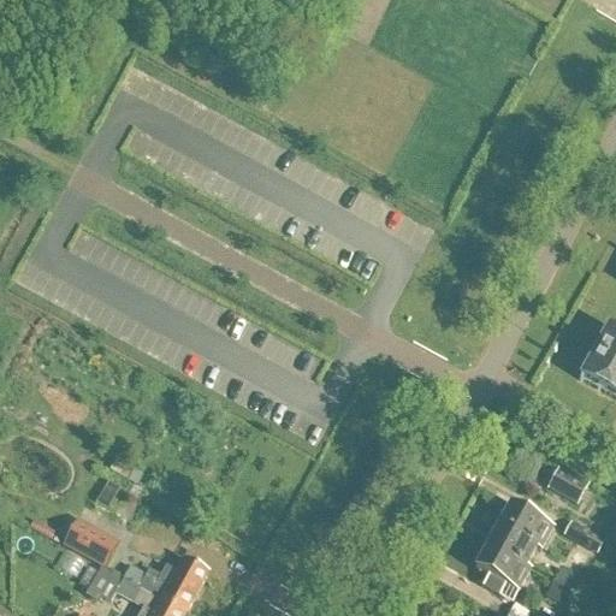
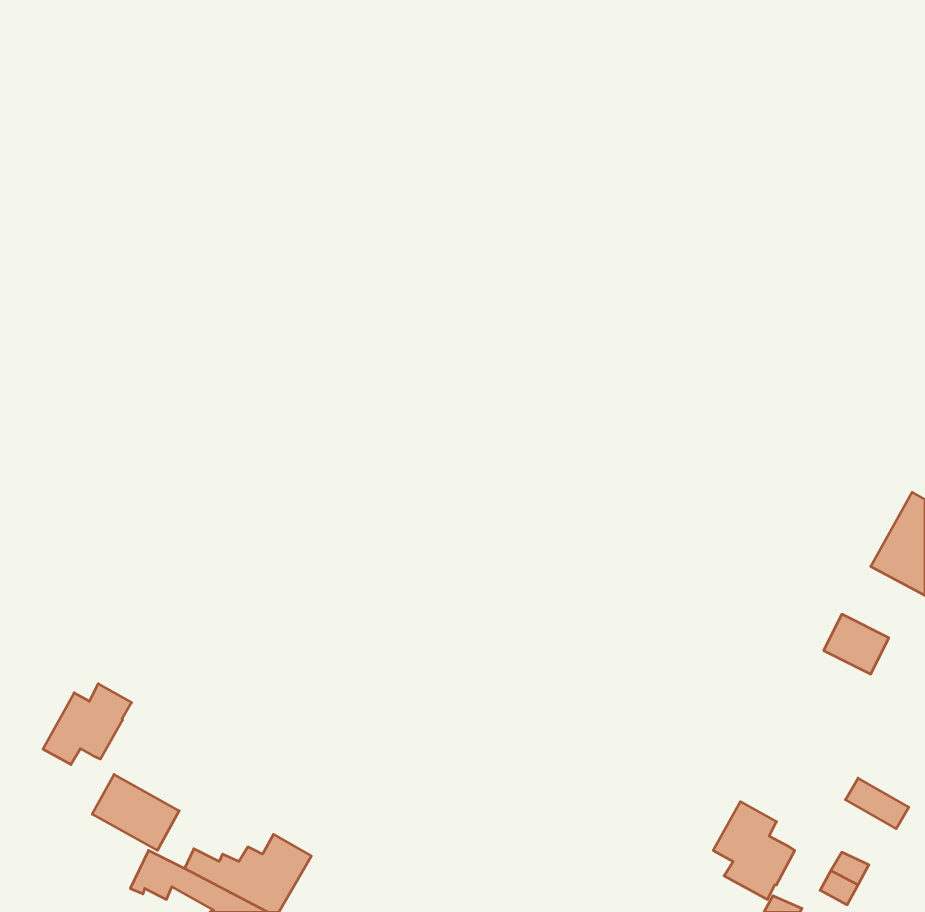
building: none -> [43,684,132,765]
building: [545,462,588,502] -> [824,614,889,674]
building: [492,502,551,563] -> none

